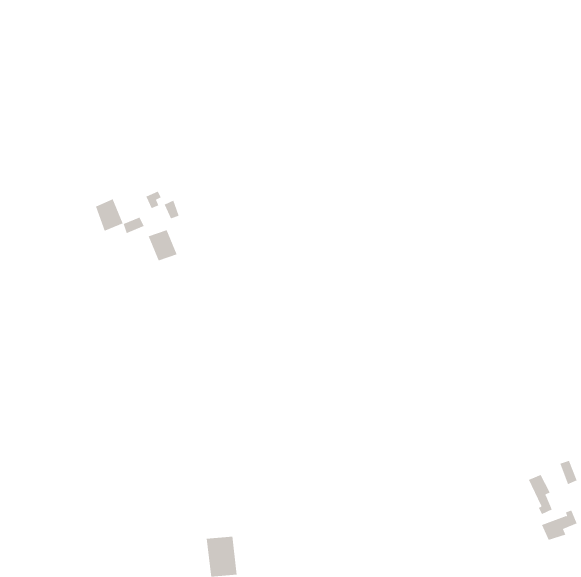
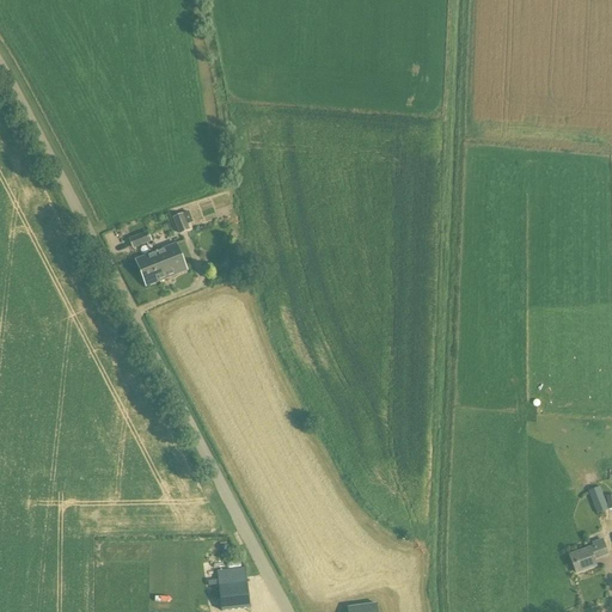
building: [95,198,124,231] -> [136,249,166,283]
building: [528,474,553,515] -> none

